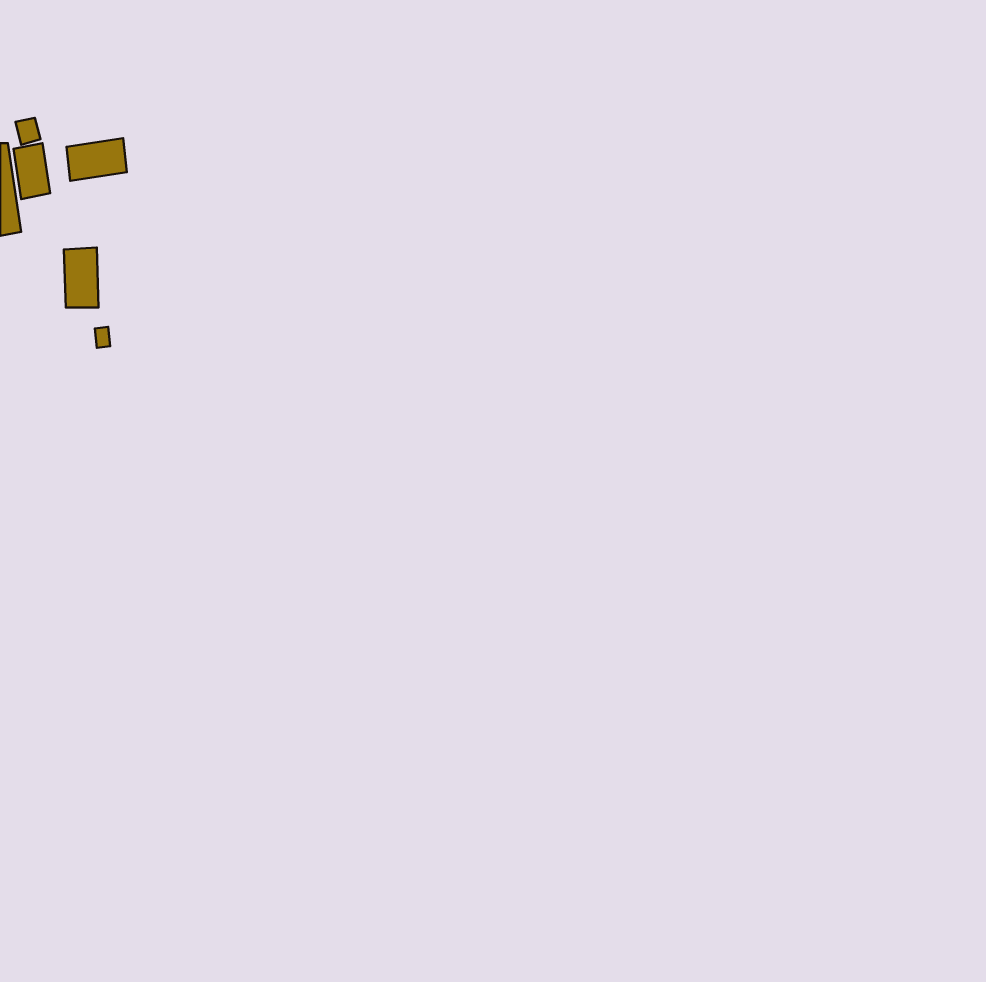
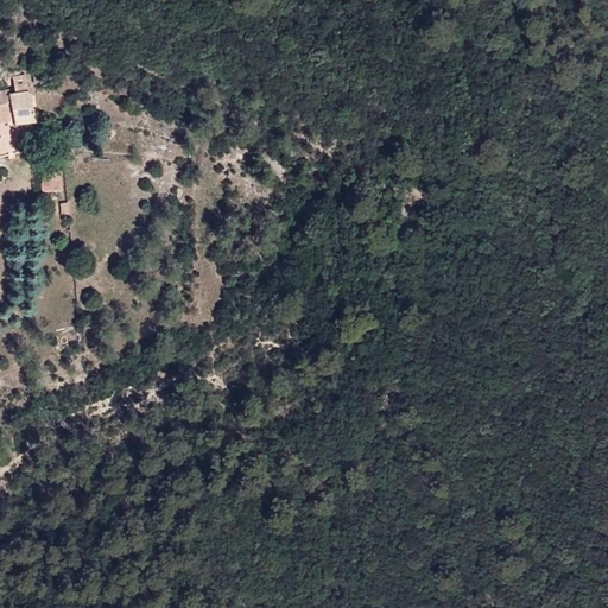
building: [66,138,127,181] -> none

